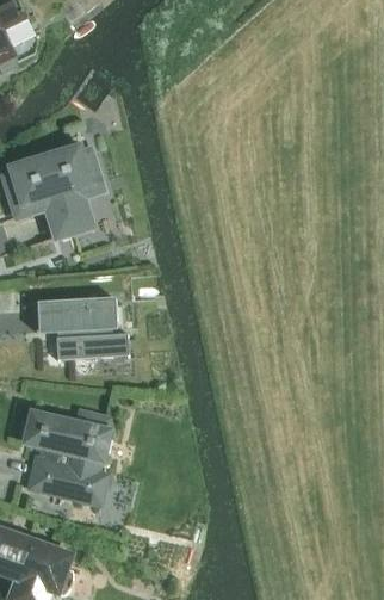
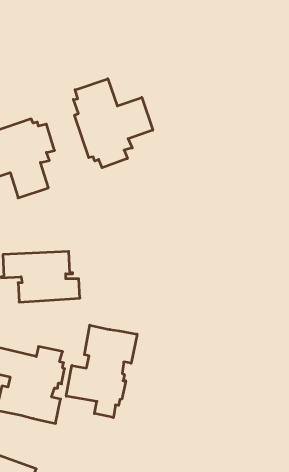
building: none -> [73,79,153,168]
building: none -> [66,325,137,418]

